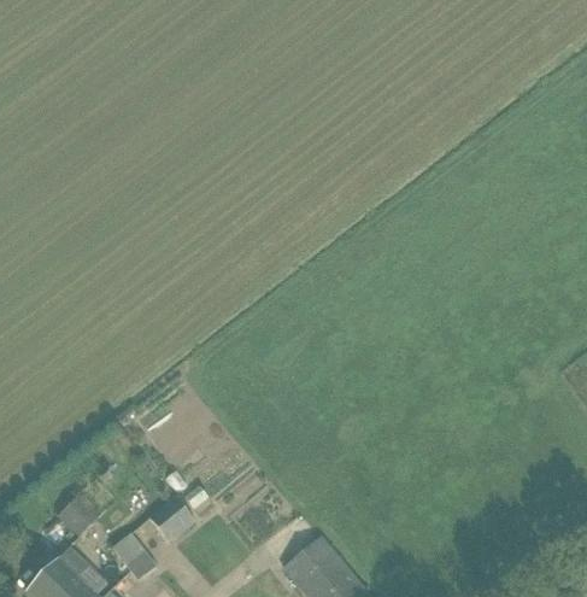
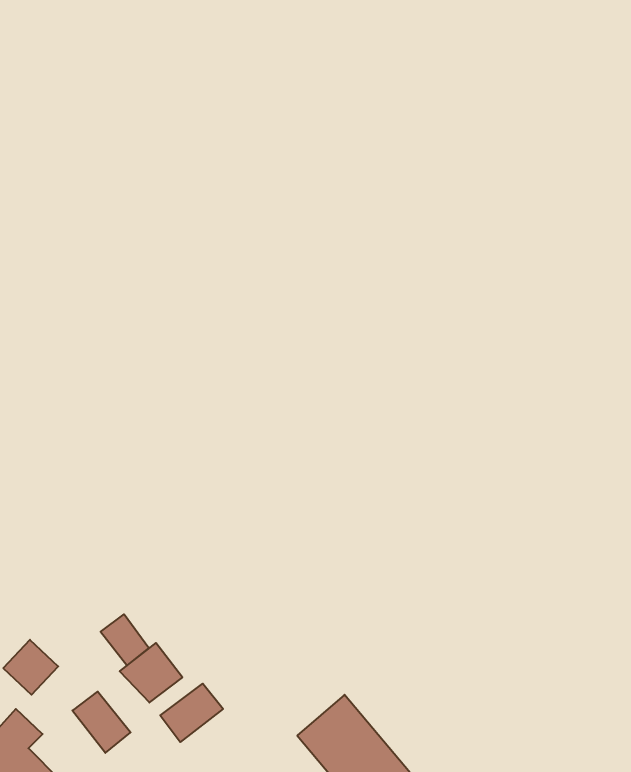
building: none -> [101,614,149,666]
building: none -> [160,684,223,742]

